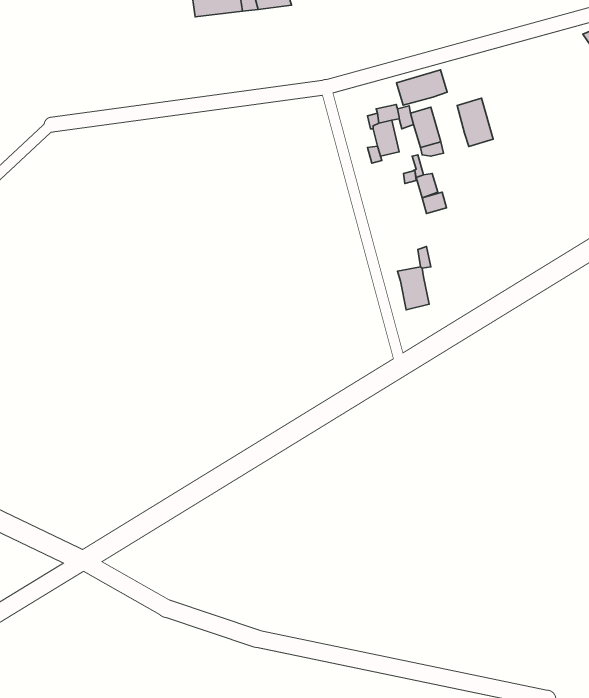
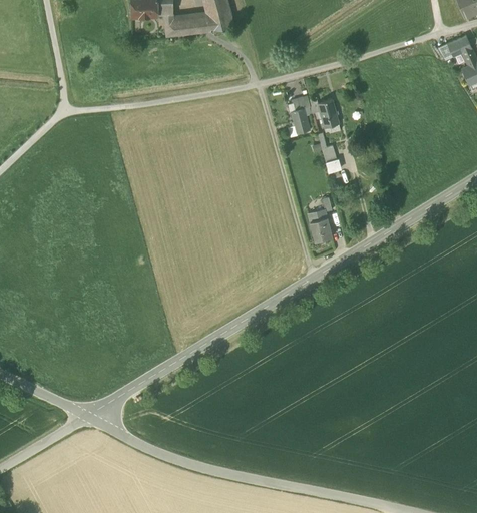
building: [397,70,447,105] -> none
building: [457,98,493,146] -> none

